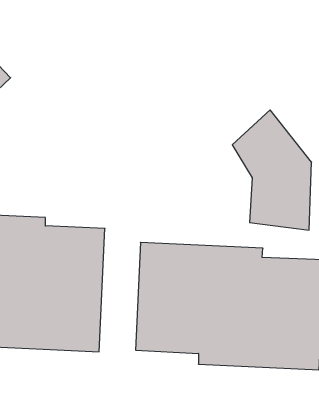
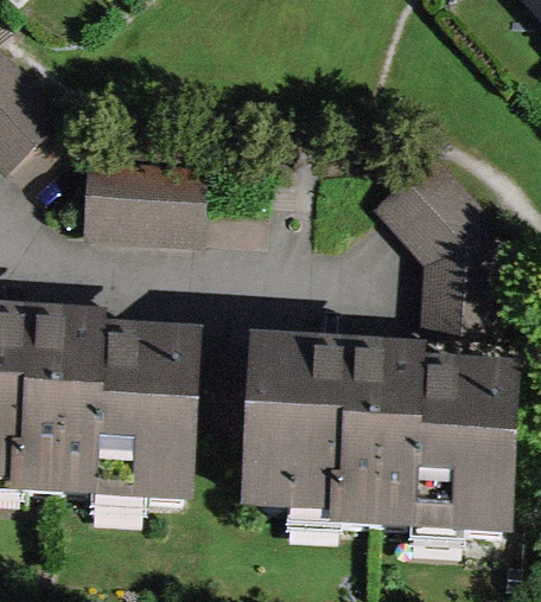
building: none -> [81,149,201,241]

